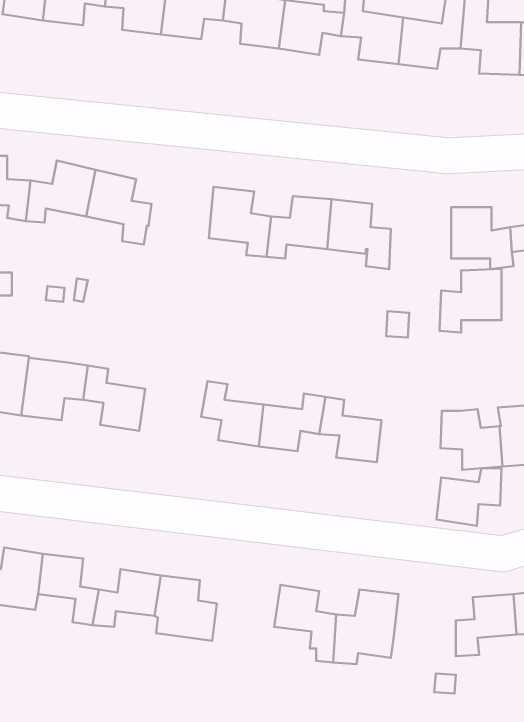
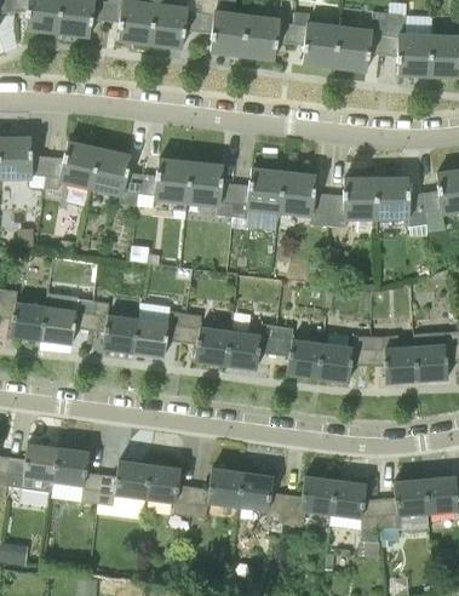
building: none -> [140,159,191,202]
building: [439,269,502,333] -> [328,178,377,228]
building: none -> [133,311,187,356]
building: [436,468,502,526] -> [319,337,369,382]
building: none -> [190,469,243,518]
building: none -> [332,480,380,529]

